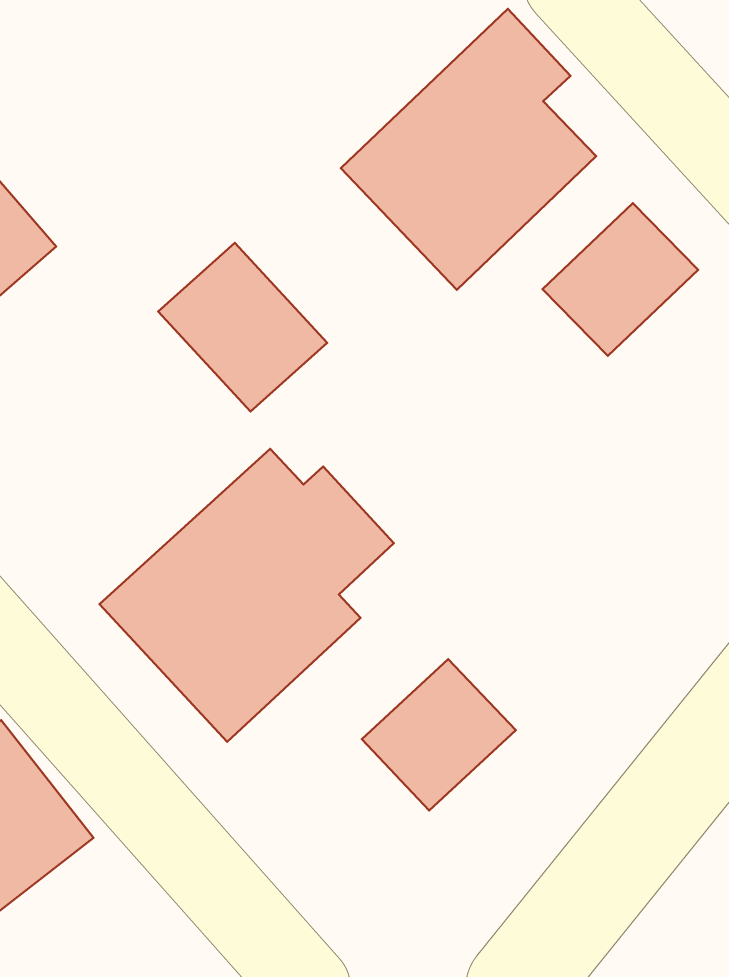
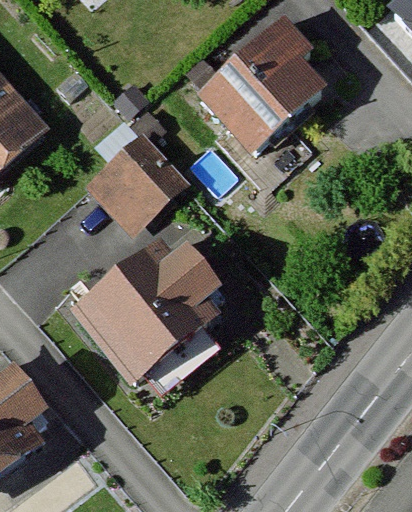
building: [543,203,698,356] -> none
building: [362,659,516,810] -> none

